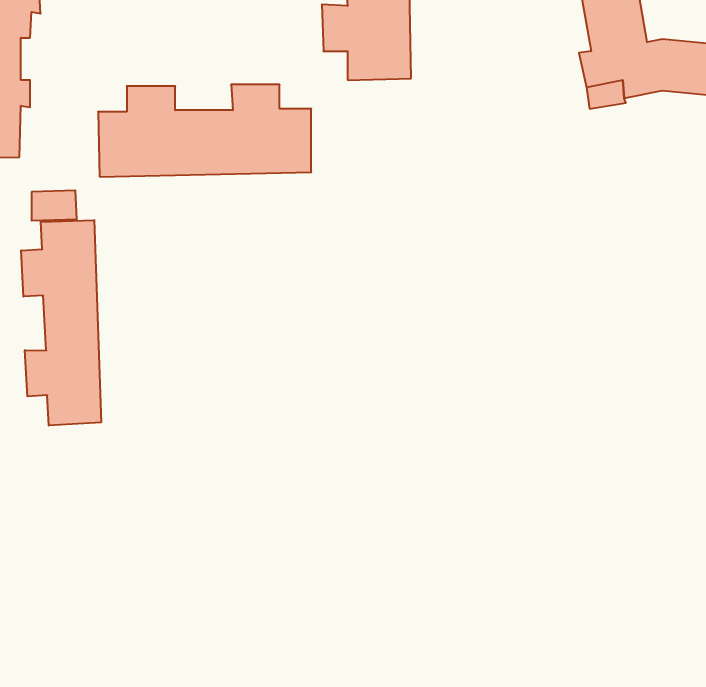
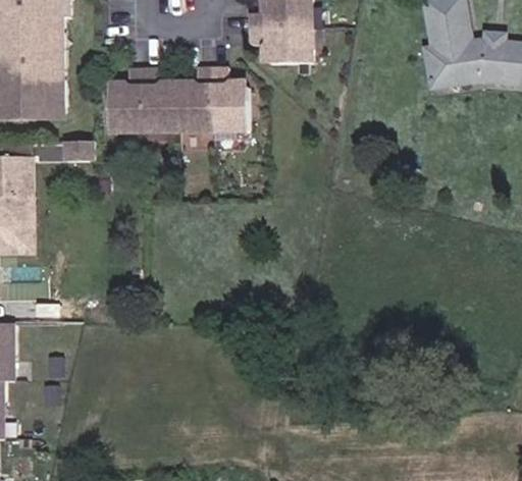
building: [21,220,101,426] -> none

